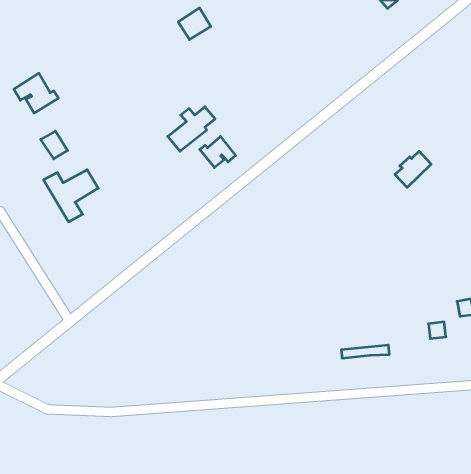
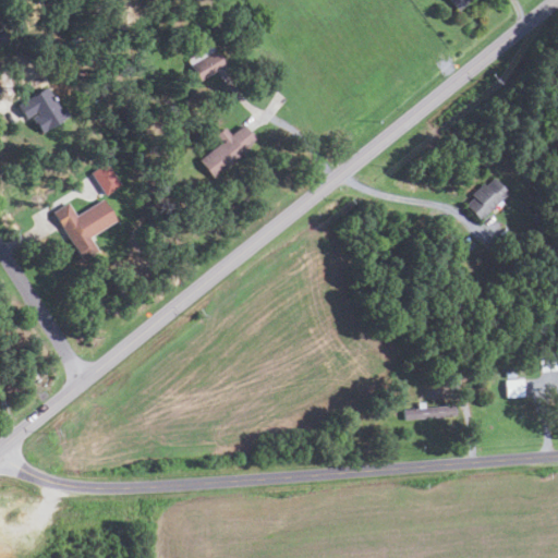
building: [178,8,211,40] -> [189,44,227,81]
building: [41,131,68,159] -> [93,162,124,195]
building: [200,136,236,168] -> none

